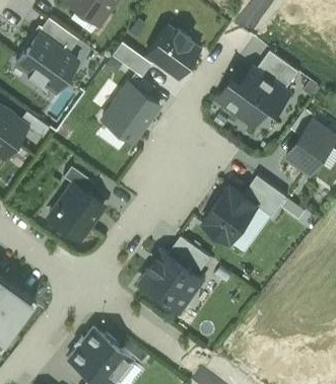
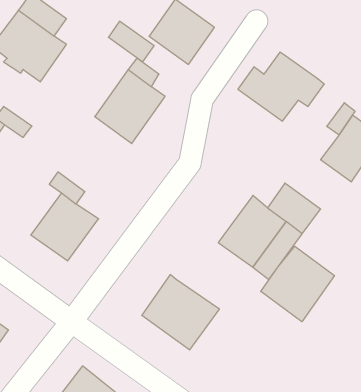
building: [258,53,300,92] -> none
building: none -> [261,246,334,322]
building: [170,238,212,277] -> none

